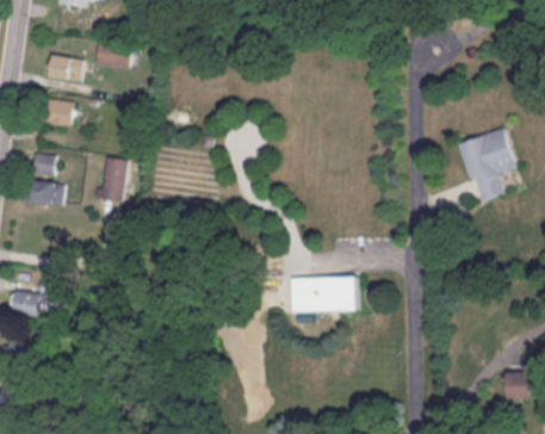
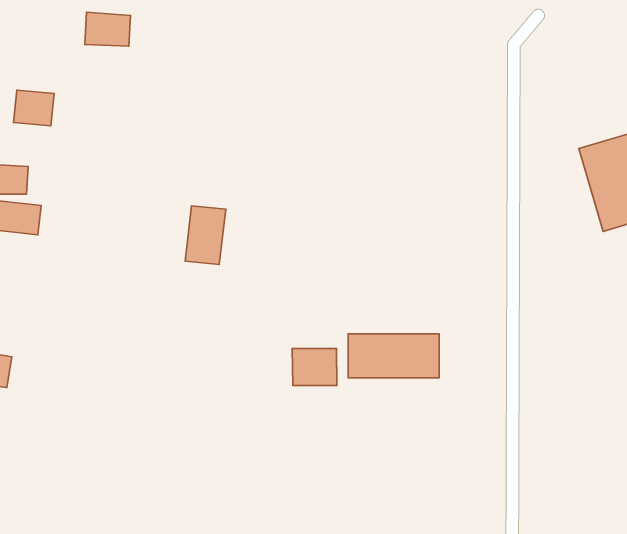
building: [49,56,82,80] -> none
building: [98,157,128,200] -> [185,206,226,264]
building: none -> [292,348,337,386]

